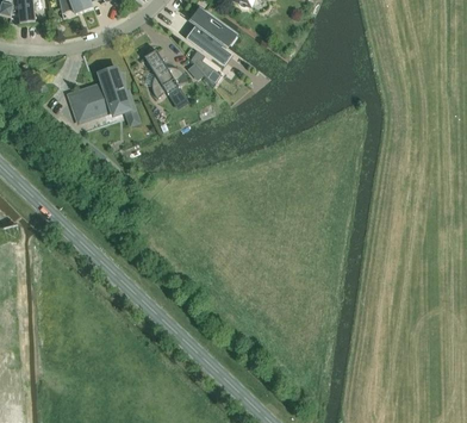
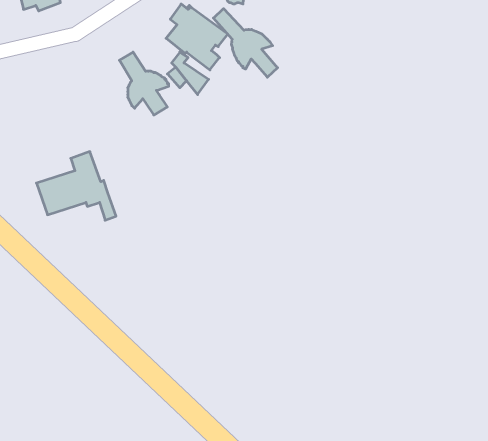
building: none -> [213,9,278,77]
building: [68,66,137,125] -> [36,152,116,220]

